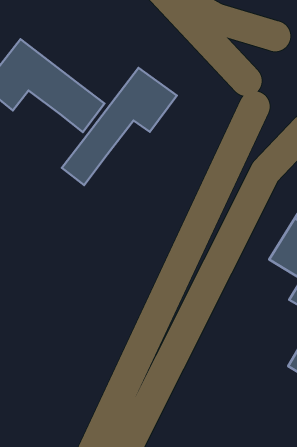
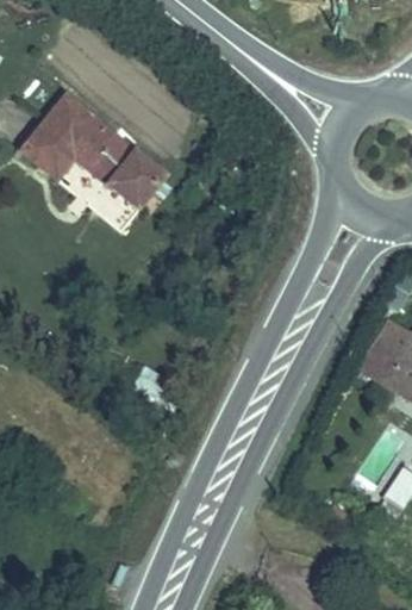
building: [62,68,177,185] -> none

